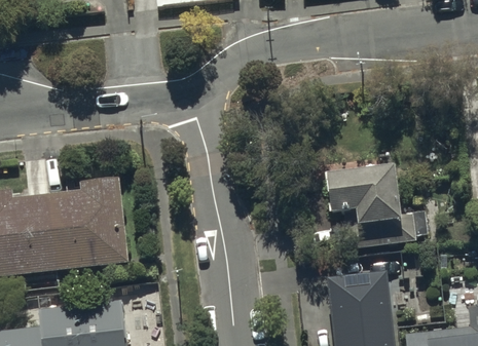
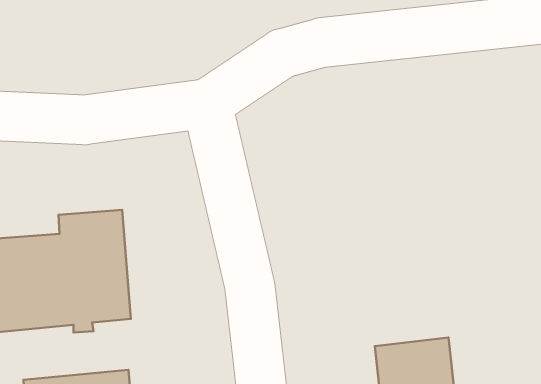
building: [325,165,427,239] -> none

